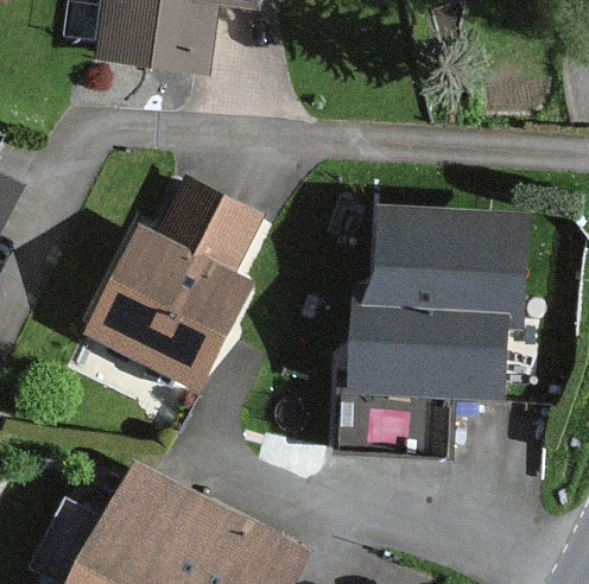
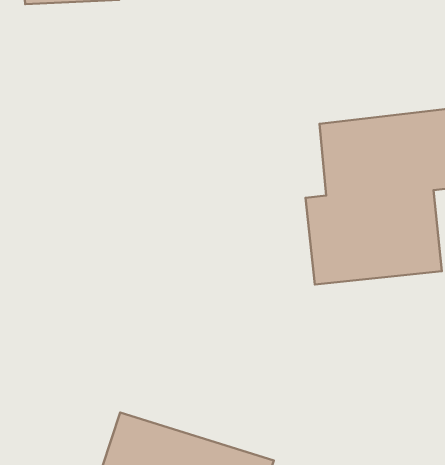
building: [95,190,248,375] -> none

